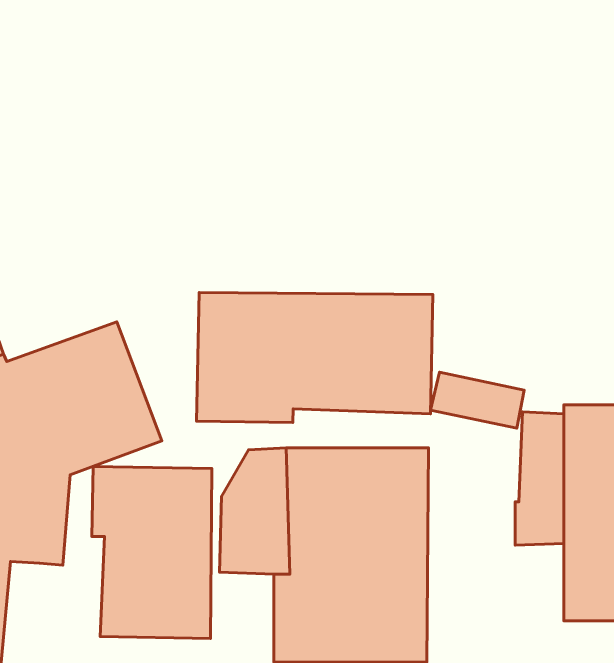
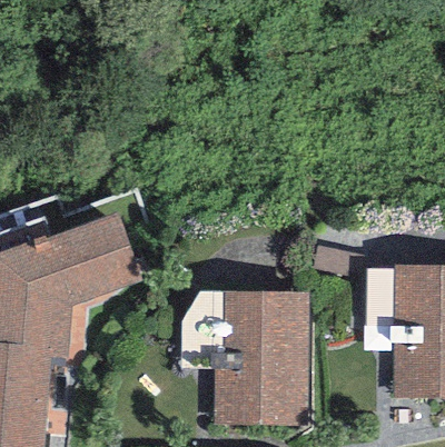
building: [197,293,433,422] -> none
building: [92,466,212,638] -> none

